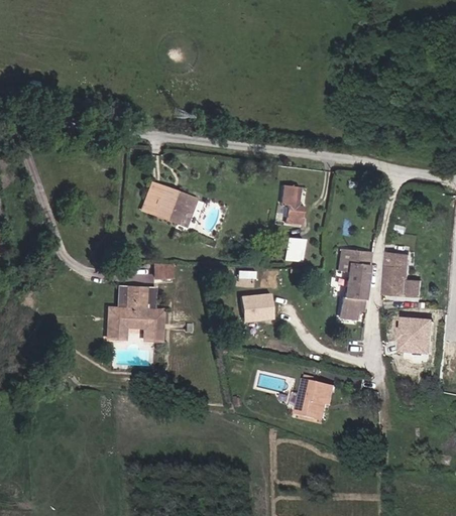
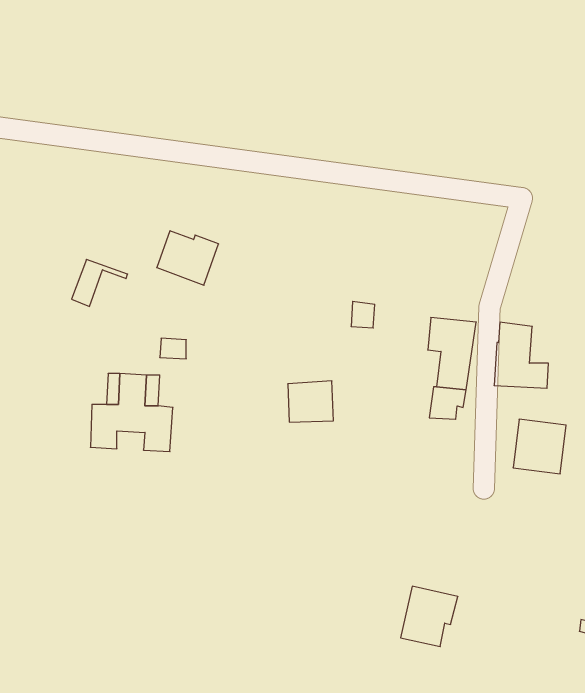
building: [141,182,180,215] -> [72,259,128,306]
building: [279,184,304,225] -> none
building: [298,380,337,421] -> [401,586,458,647]

